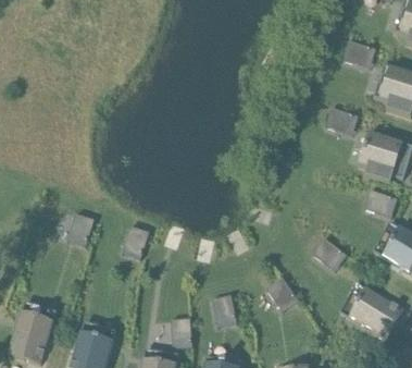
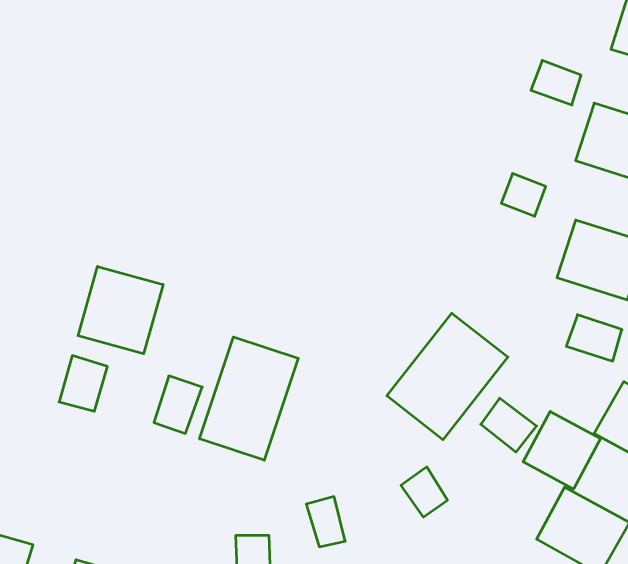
building: none -> [78,266,163,354]
building: none -> [387,313,508,440]
building: none -> [200,337,298,460]
building: none -> [523,411,600,489]

